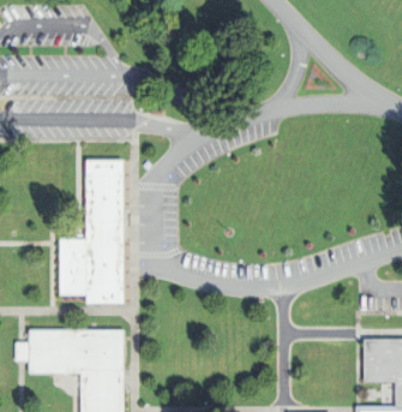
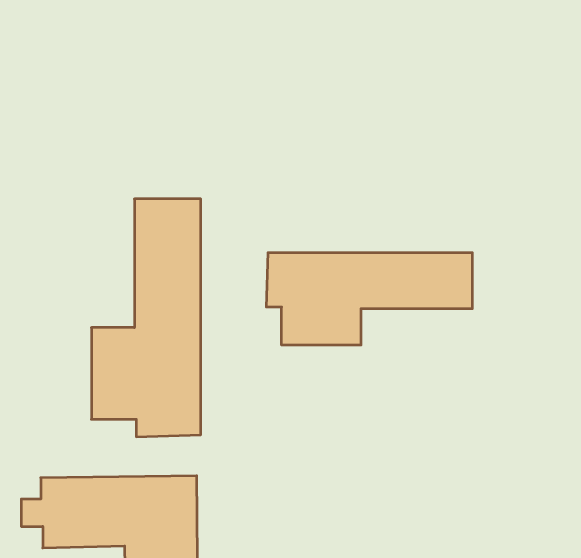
building: none -> [266,253,472,345]

